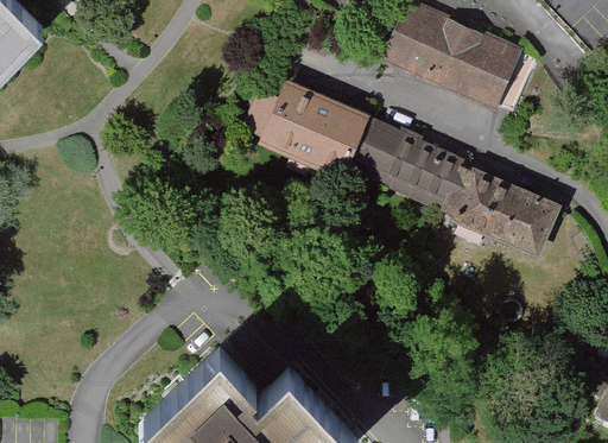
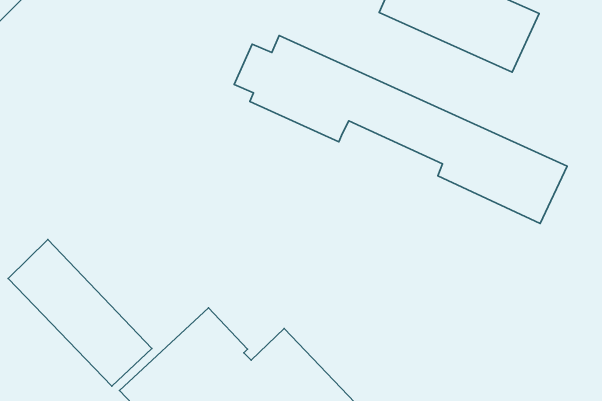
building: none -> [8,240,152,386]

